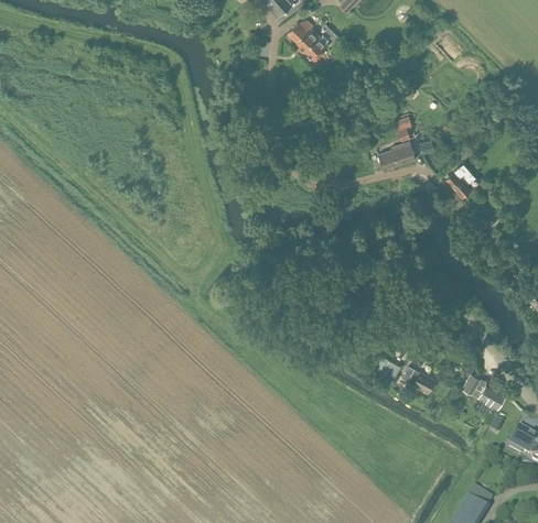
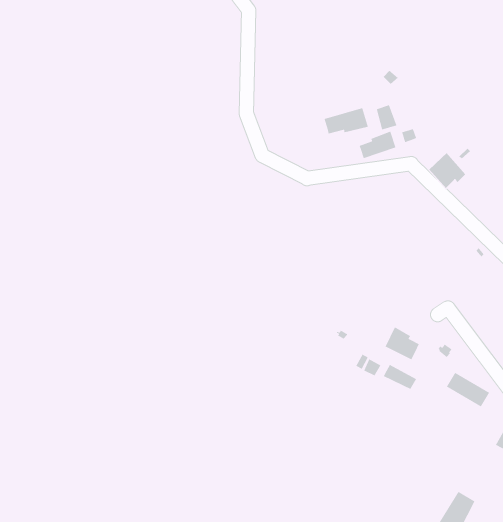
building: [287,20,326,61] -> none
building: none -> [324,107,369,134]
building: none -> [385,326,420,360]

